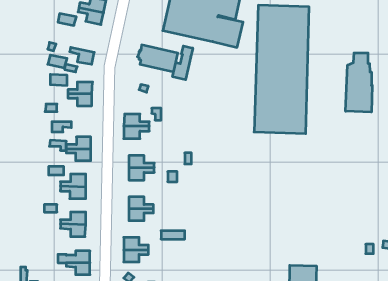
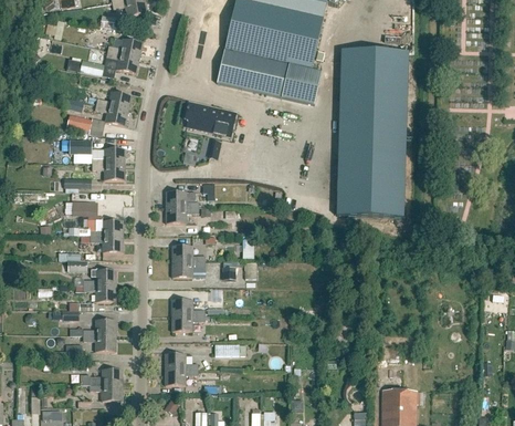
building: none -> [87,91,132,111]
building: [173,46,193,80] -> none
building: [346,53,372,112] -> none

